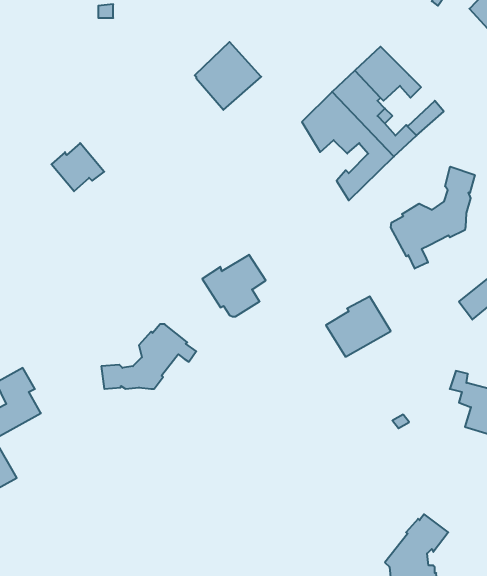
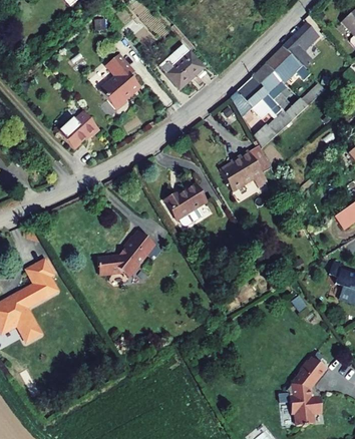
building: none -> [283,21,319,64]
building: none -> [99,52,140,109]
building: [391,167,475,269] -> none
building: [326,296,391,357] -> [220,149,263,189]

